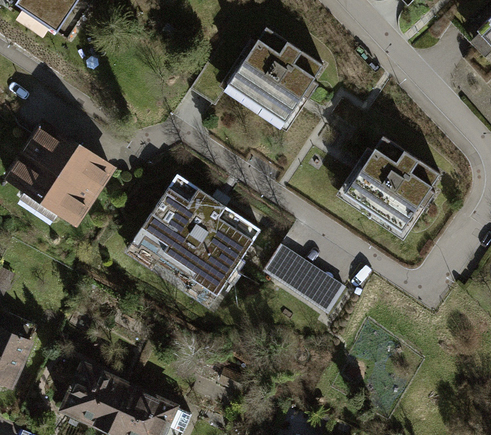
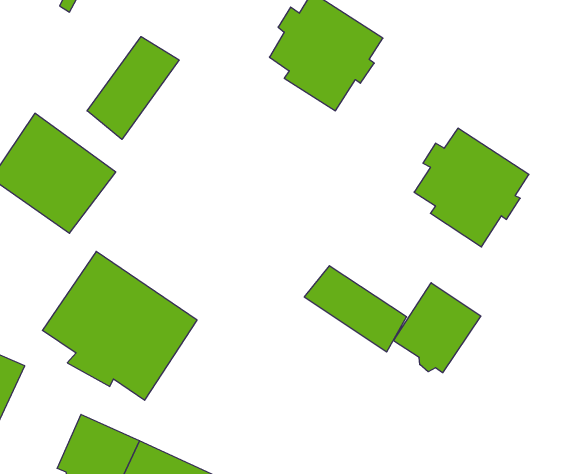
building: none -> [87,37,179,139]
building: [133,177,257,296] -> [42,251,197,400]
building: none -> [394,283,481,373]

